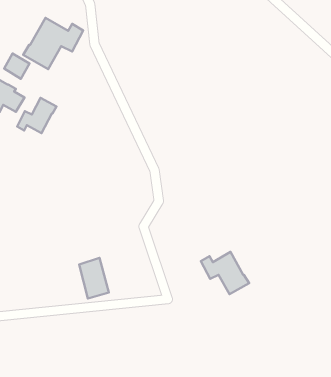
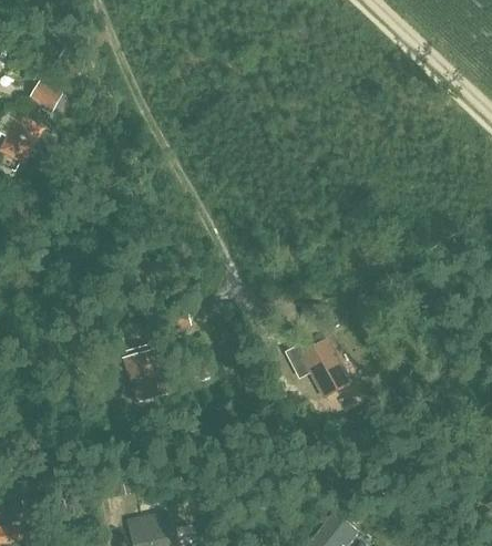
building: [23,18,83,69] -> none
building: [17,98,57,133] -> none

